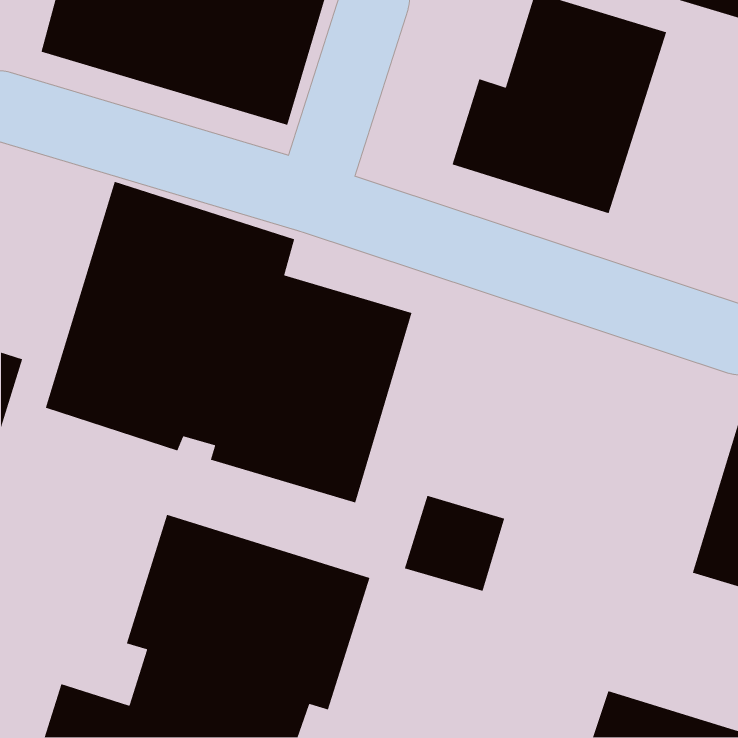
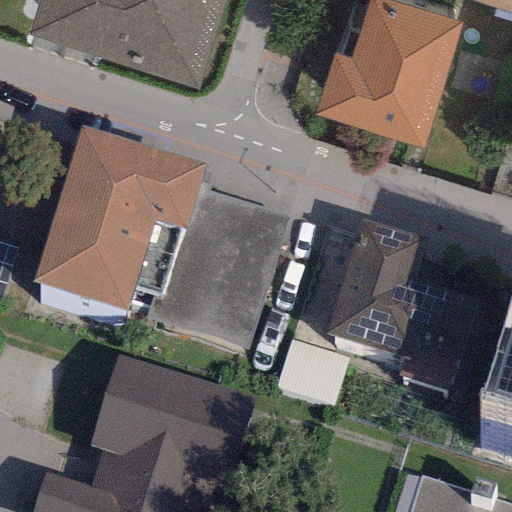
building: none -> [326,219,478,391]

